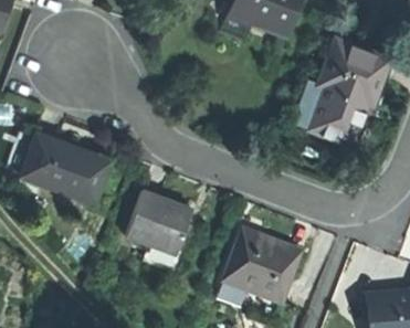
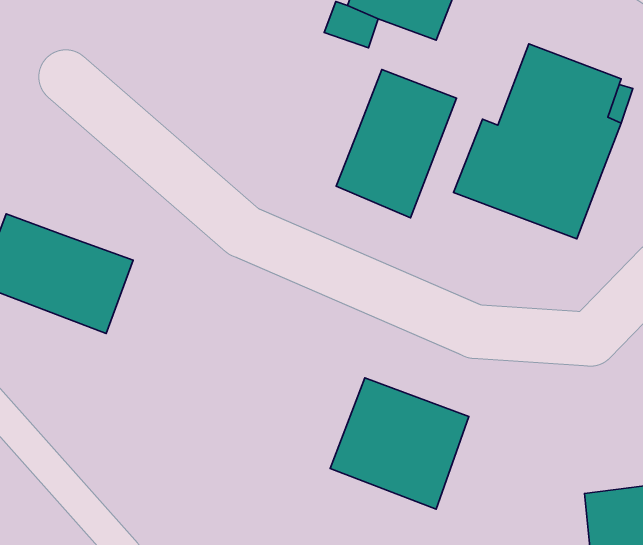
building: none -> [336,70,456,218]
building: [124,191,190,254] -> none

